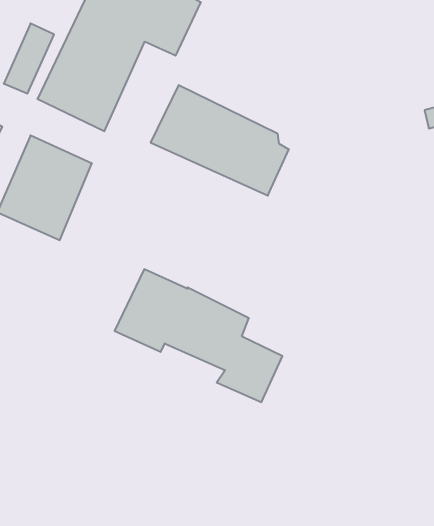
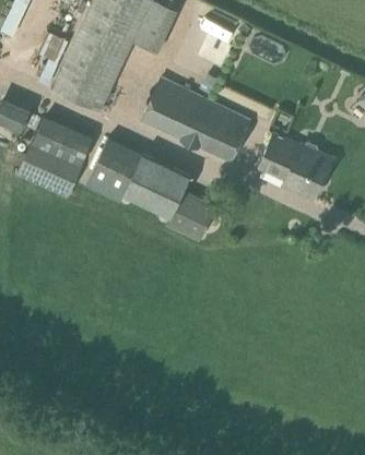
building: none -> [256,136,332,196]
building: [115,269,282,402] -> [85,137,216,241]

